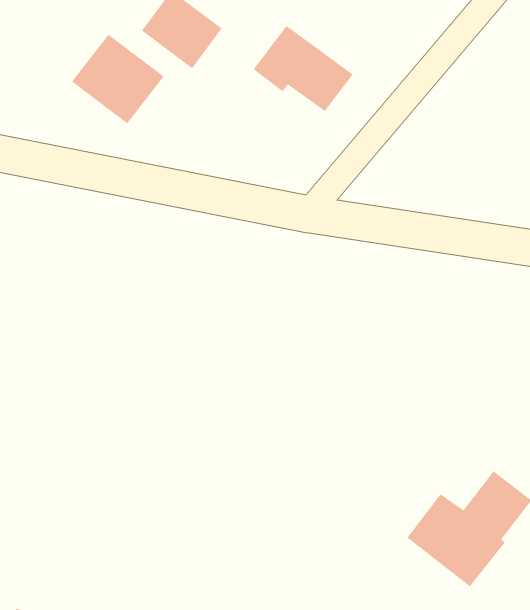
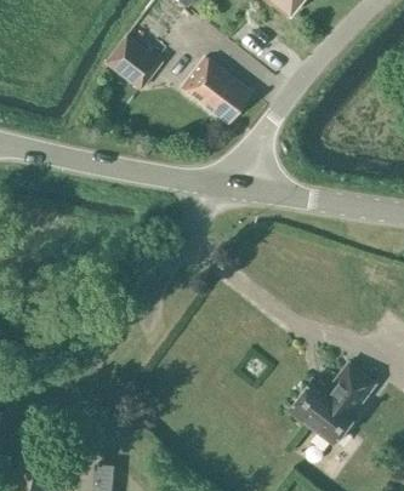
building: [71,34,165,124] -> none

